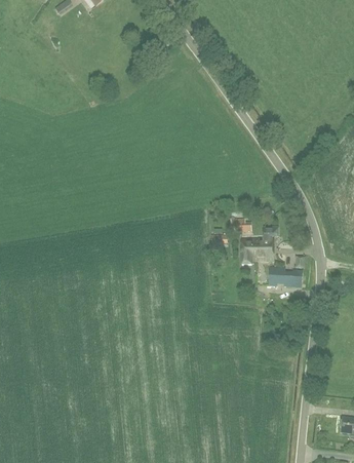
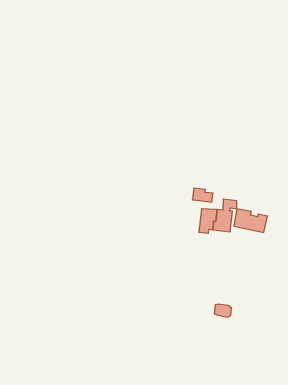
building: [269,266,303,287] -> [234,209,268,232]

